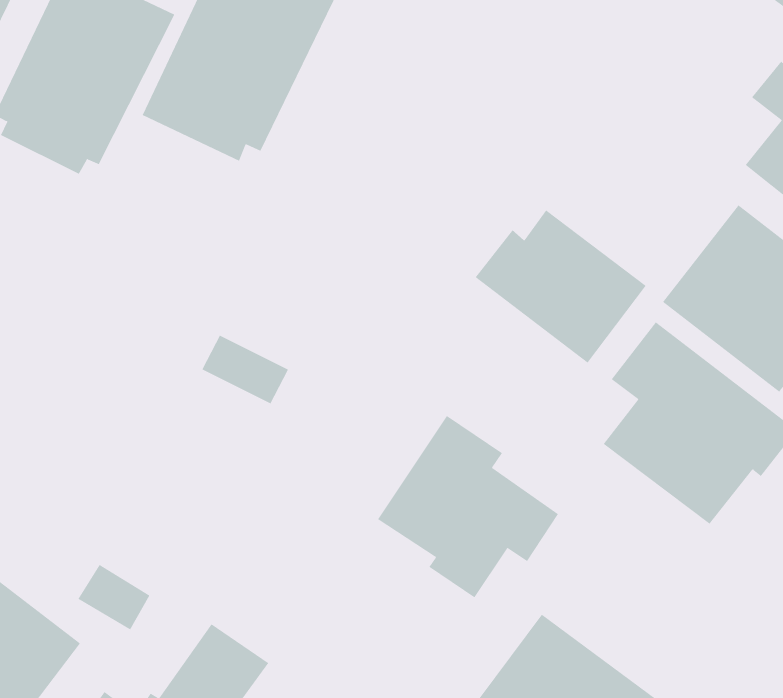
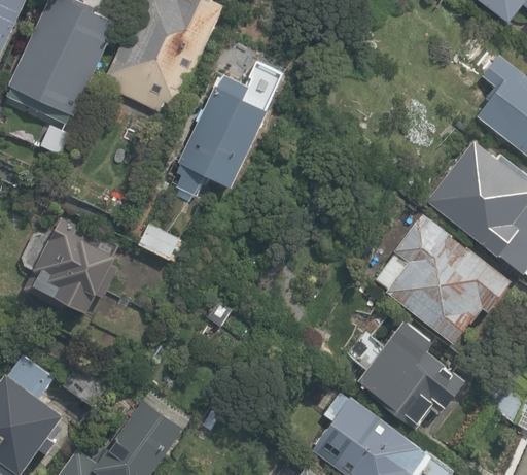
building: none -> [176,71,267,189]
building: [475,209,647,364] -> none
building: none -> [30,214,119,315]
building: [377,415,559,598] -> [355,315,468,430]

